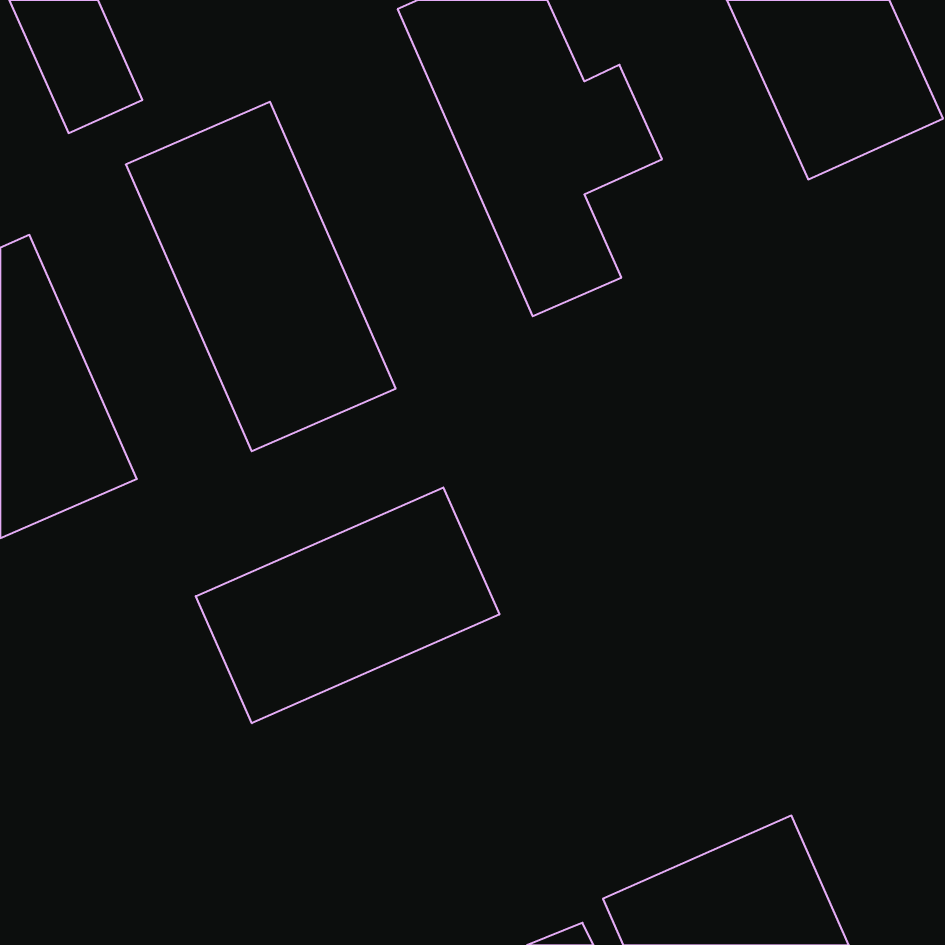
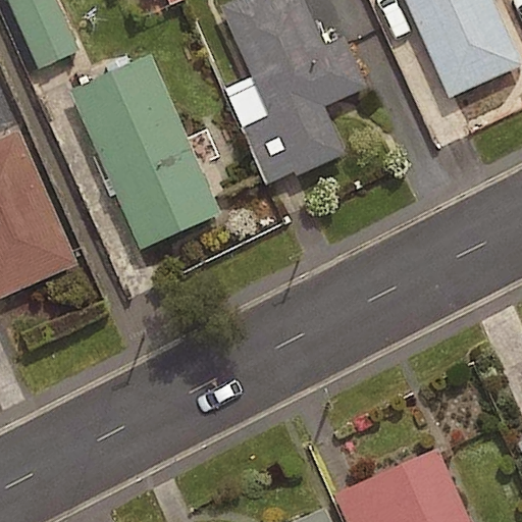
building: [196,487,499,723] -> none

